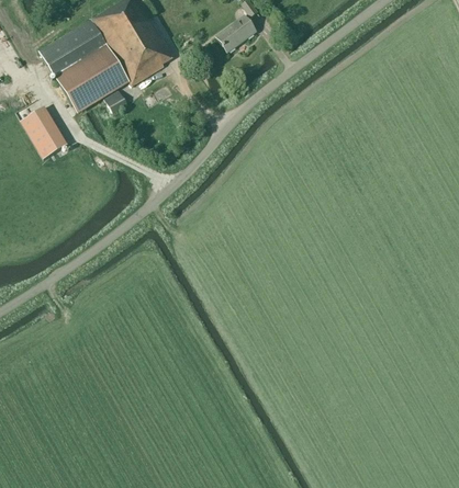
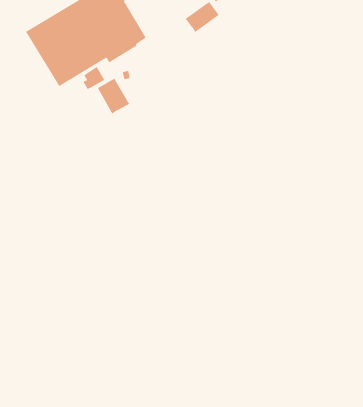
building: none -> [97,78,130,114]
building: [22,106,68,158] -> none

